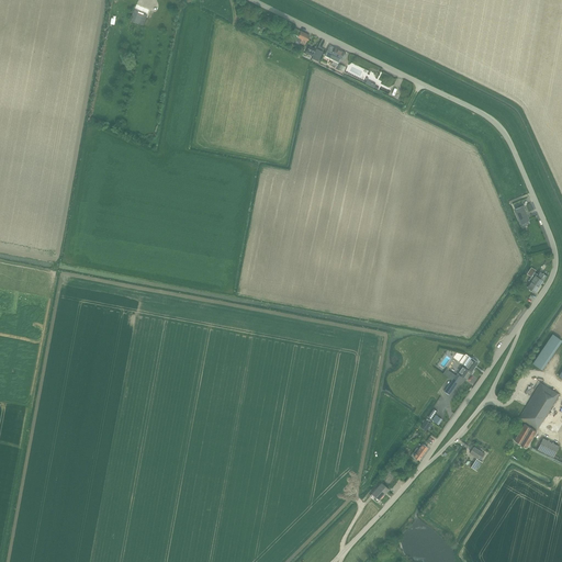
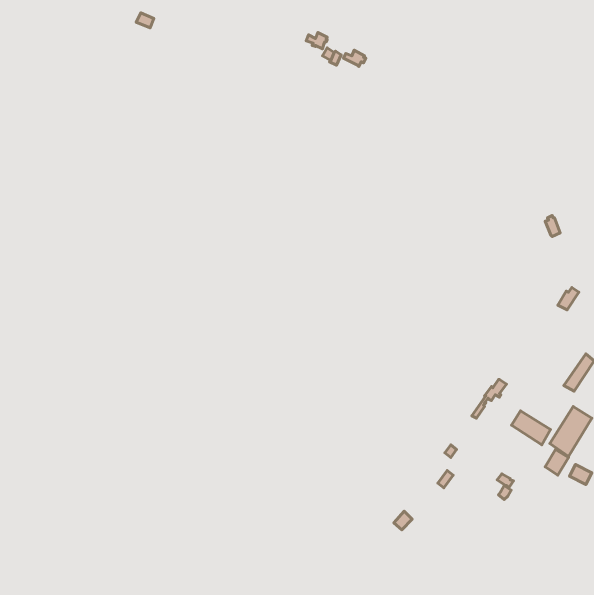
building: none -> [512,411,550,445]

